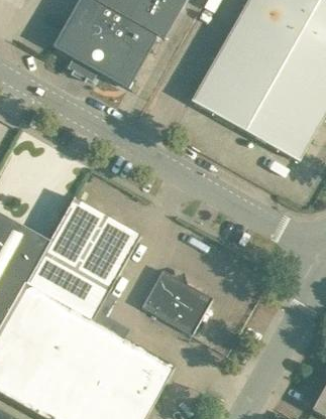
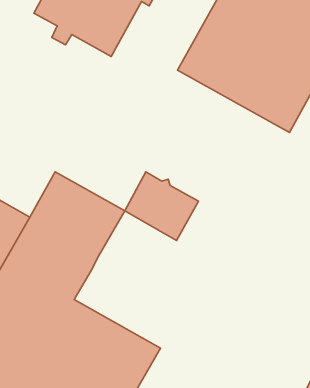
building: [141,270,212,335] -> [125,172,199,240]

